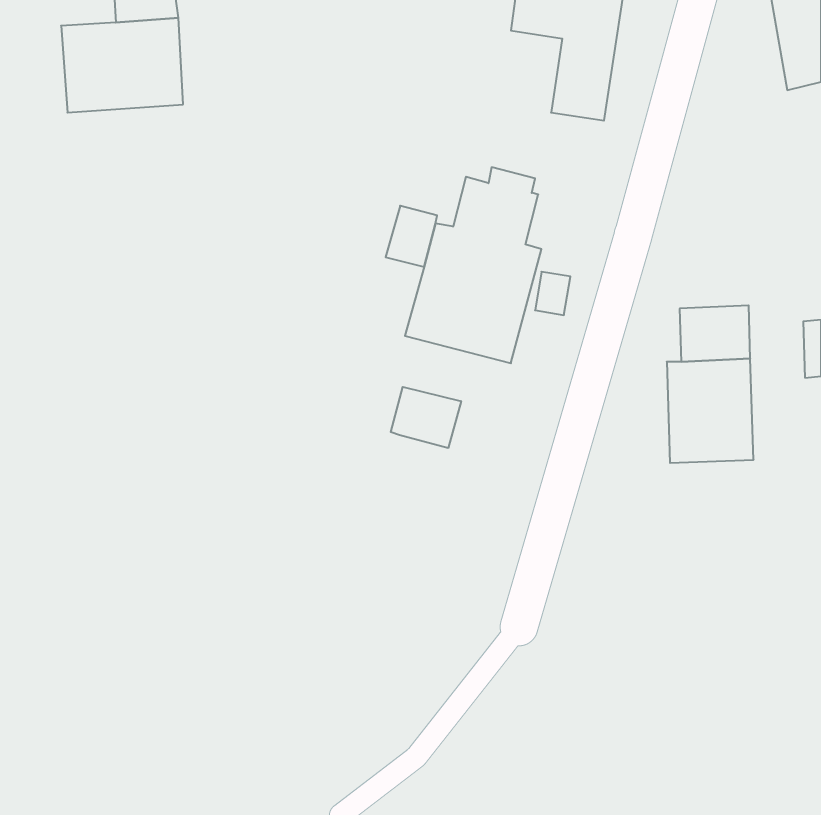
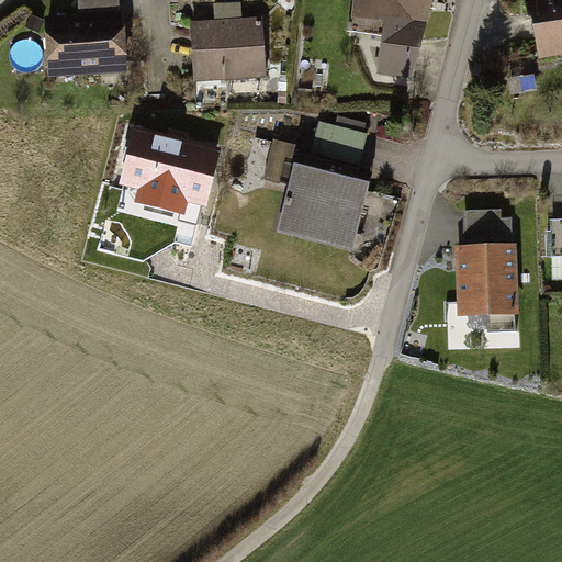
building: none -> [188,16,267,83]
building: none -> [125,130,218,222]
building: [391,387,461,448] -> none

